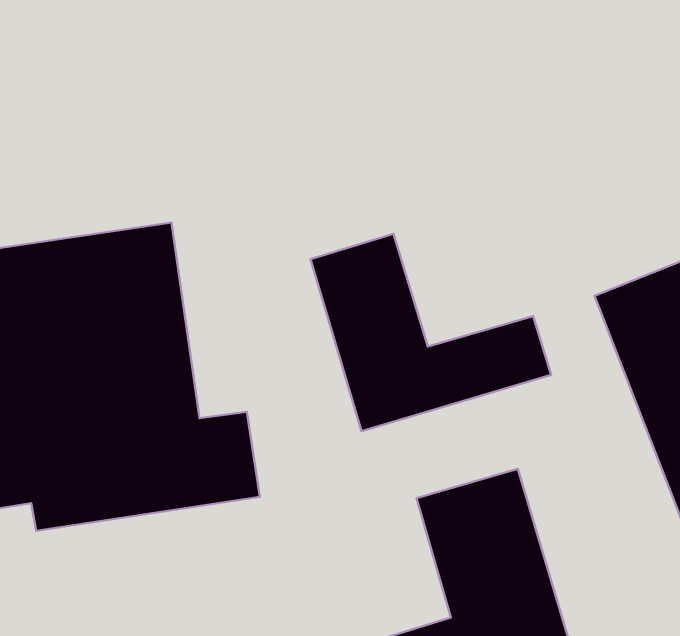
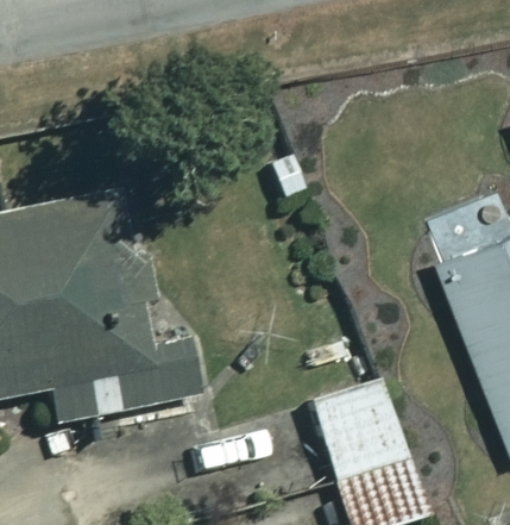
building: [310,234,551,431] -> none

